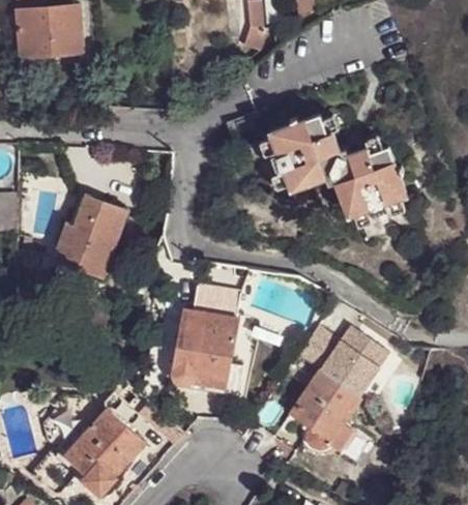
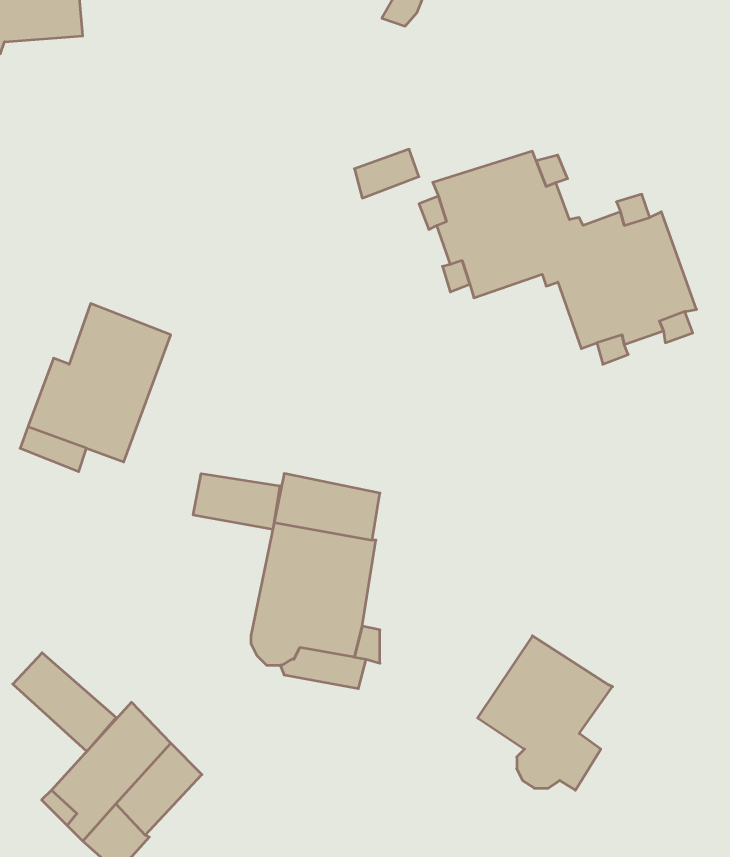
building: none -> [193,474,280,529]
building: [298,325,390,396] -> none
building: none -> [13,653,116,751]

